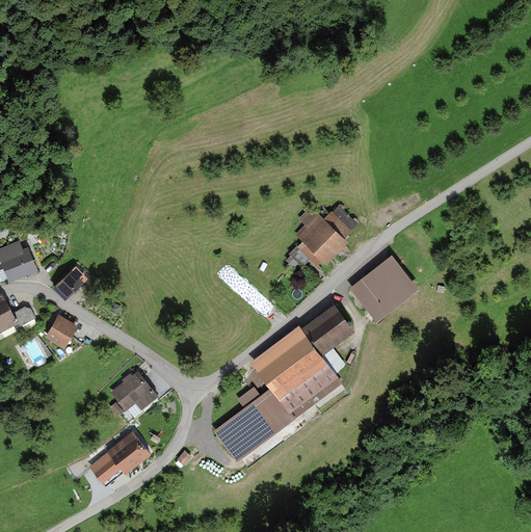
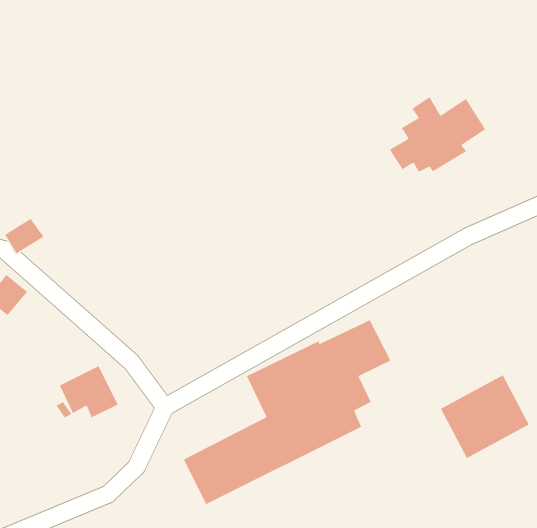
building: [289,206,359,267] -> [389,96,486,173]
building: [350,255,419,322] -> [440,374,530,459]
building: [92,434,151,482] -> none

